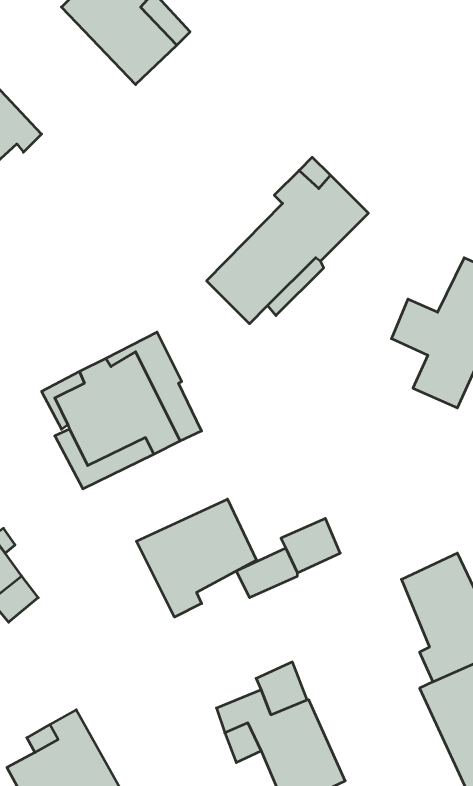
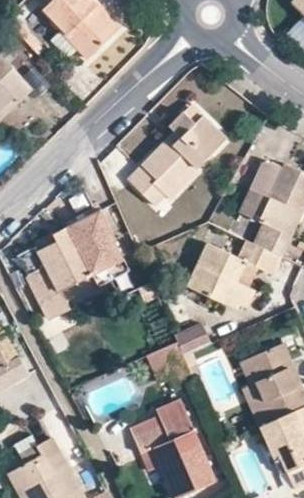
building: none -> [187,239,281,309]
building: [136,499,257,617] -> none

